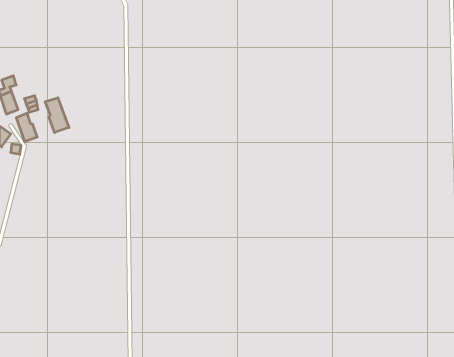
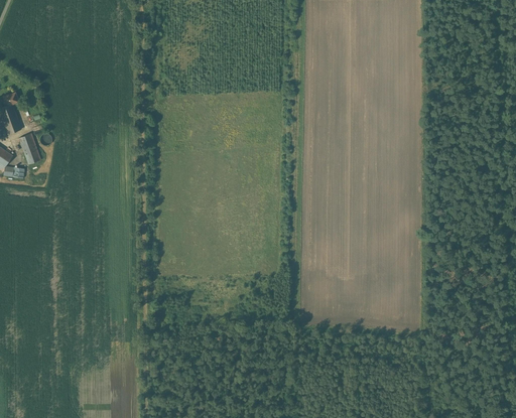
building: [45,98,69,133] -> none

